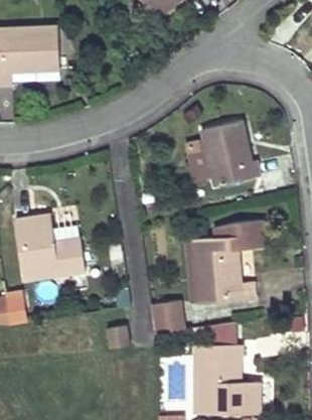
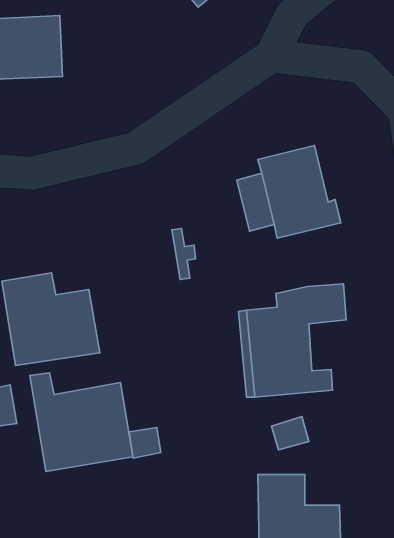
building: none -> [30,373,133,472]
building: [151,300,182,334] -> none
building: [196,345,242,382] -> none

